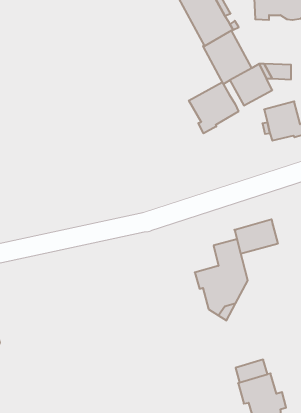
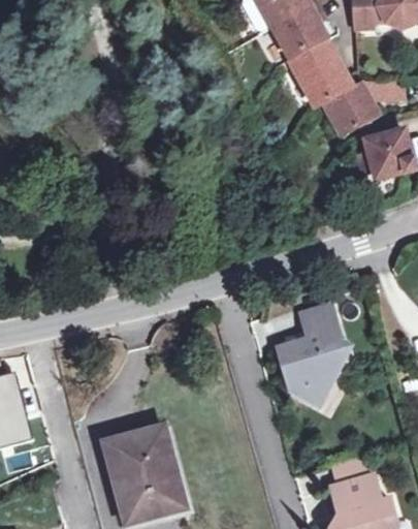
building: [189,82,238,133] -> none
building: [234,219,278,254] -> none
building: none -> [108,428,178,520]

